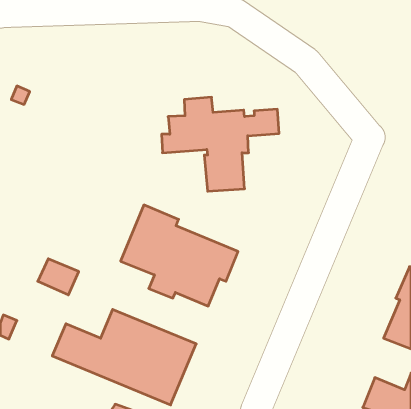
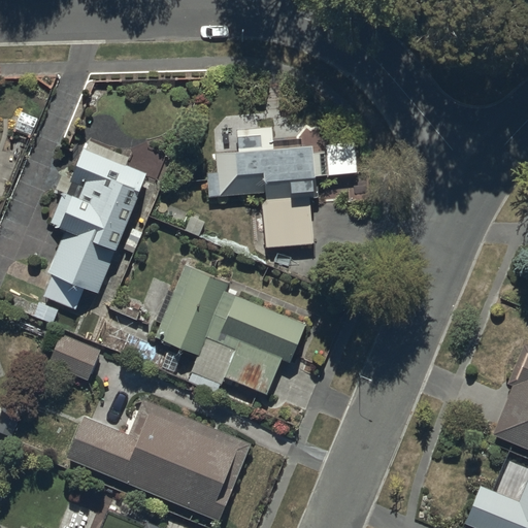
building: none -> [43,140,147,310]

